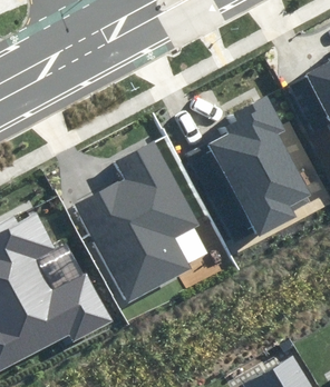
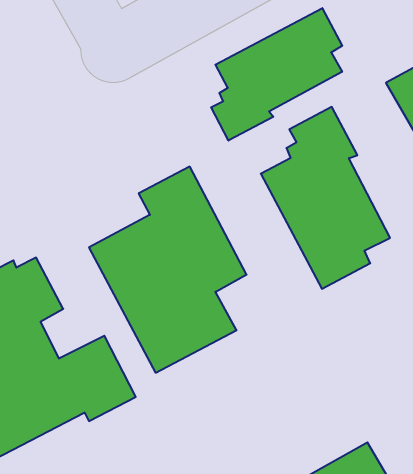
building: none -> [211,8,342,141]

